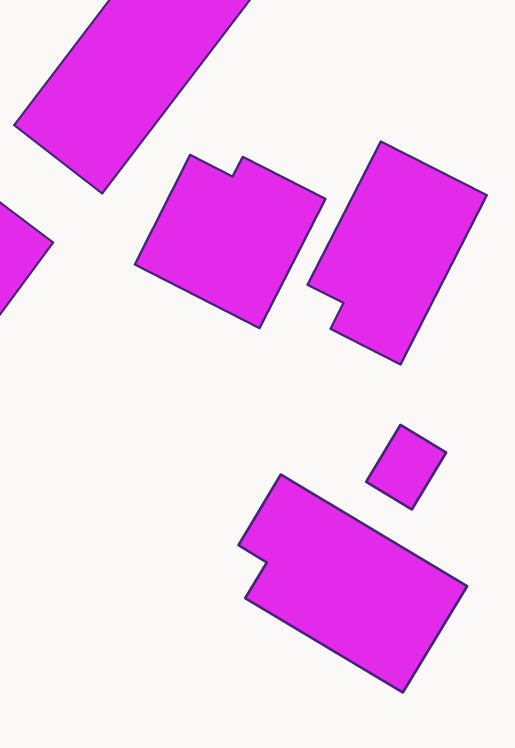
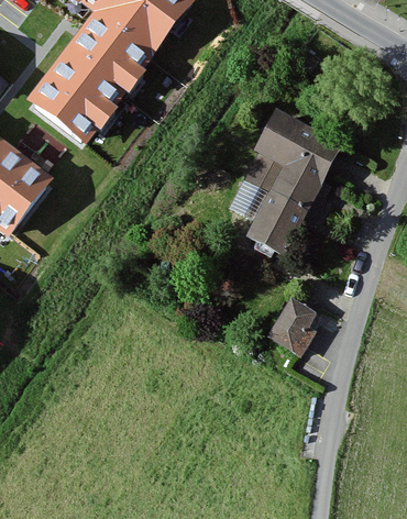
building: [135,155,326,328] -> none
building: [239,474,467,693] -> none

